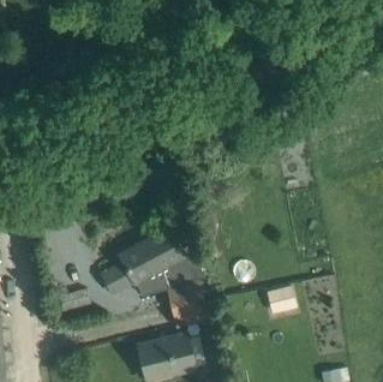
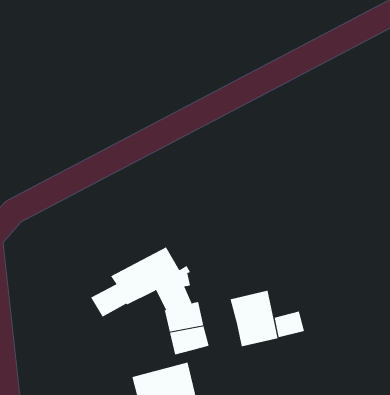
building: none -> [230,290,278,347]

